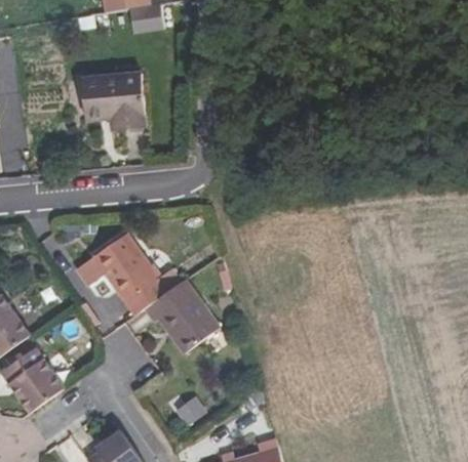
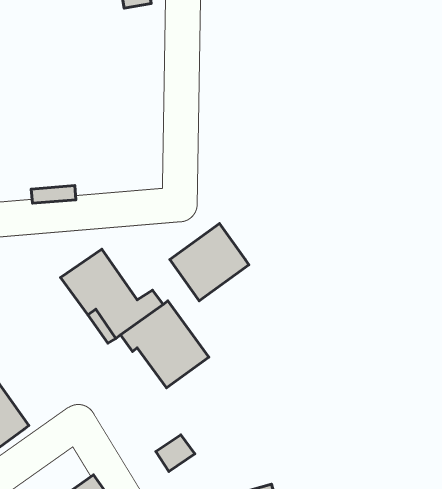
building: [82,73,144,130] -> none
building: none -> [170,223,249,301]

